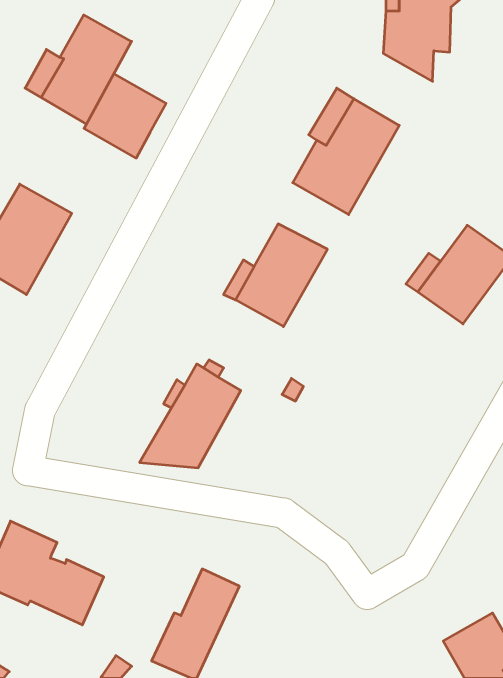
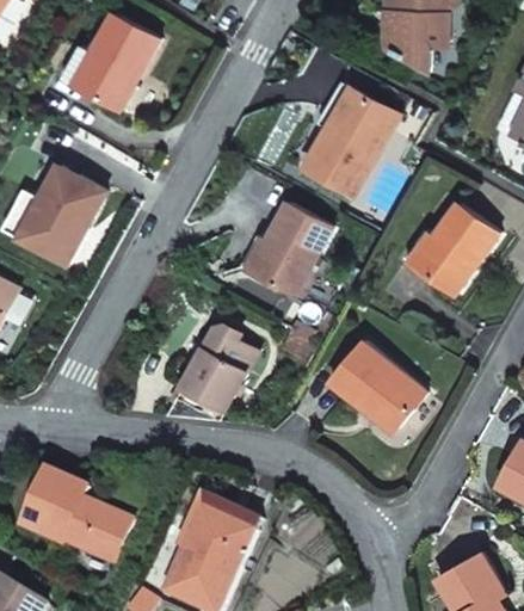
building: [84,74,166,158] -> none
building: none -> [332,342,425,426]
building: none -> [190,495,259,554]

